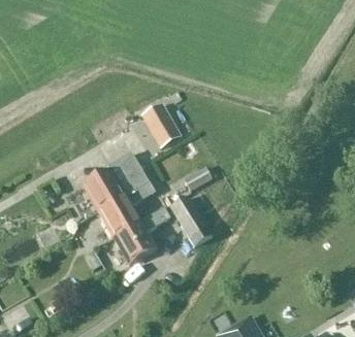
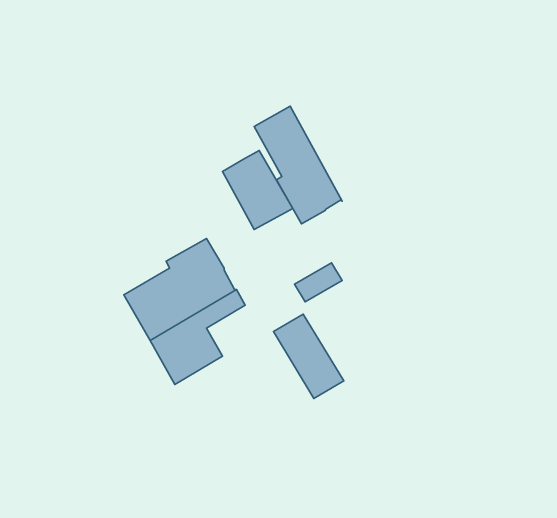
building: none -> [254,106,342,224]
building: [114,208,170,265] -> none

